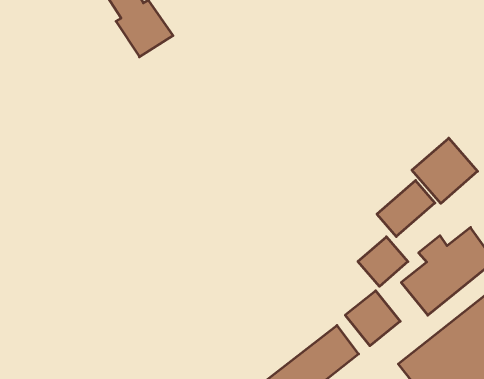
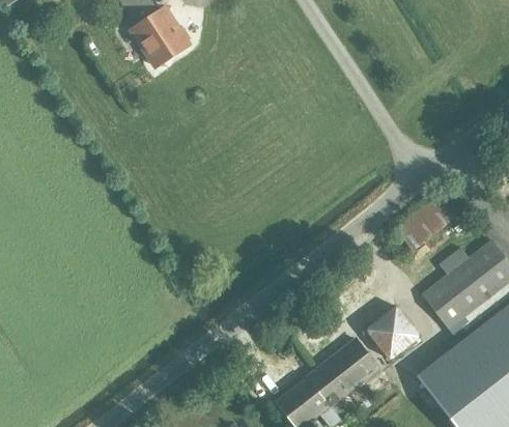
building: [412,138,478,203] -> none
building: [358,237,408,286] -> none

